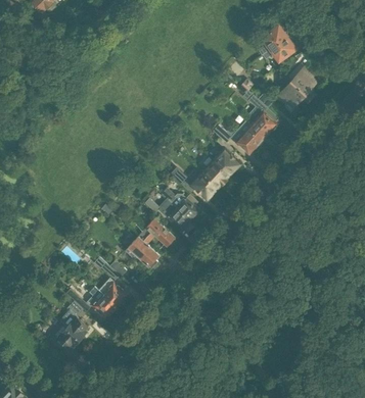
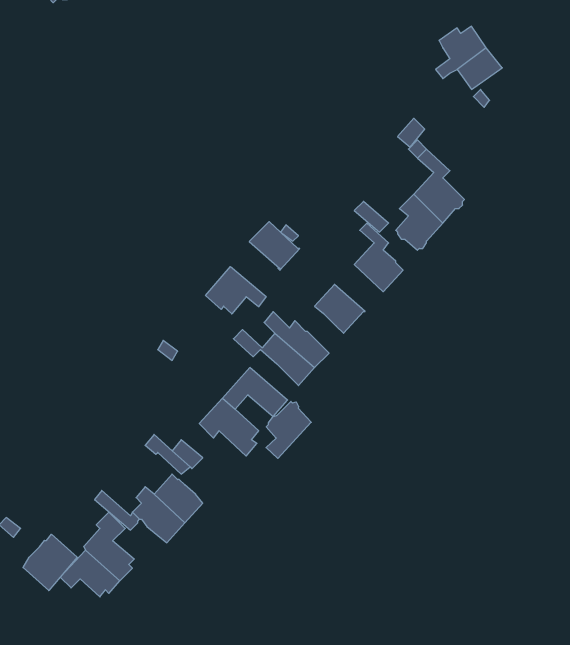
building: [278,67,316,106] -> none
building: [201,161,230,189] -> [249,222,300,270]
building: none -> [206,267,266,314]
building: none -> [266,401,311,458]
building: none -> [23,534,77,591]

